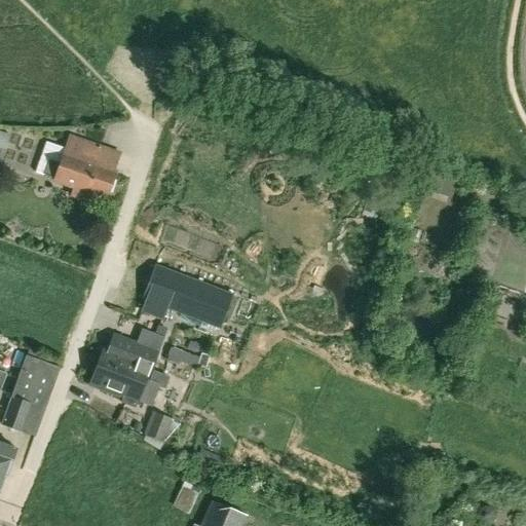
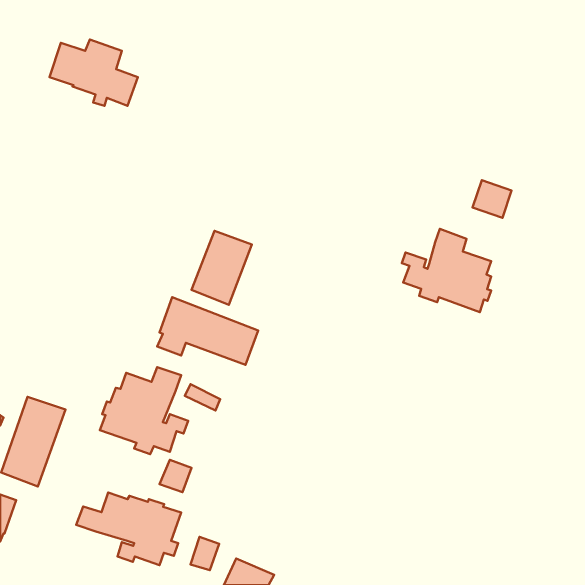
building: [35,138,114,197] -> [50,39,138,106]
building: none -> [402,229,491,312]
building: none -> [191,231,252,305]
building: none -> [76,493,181,565]

